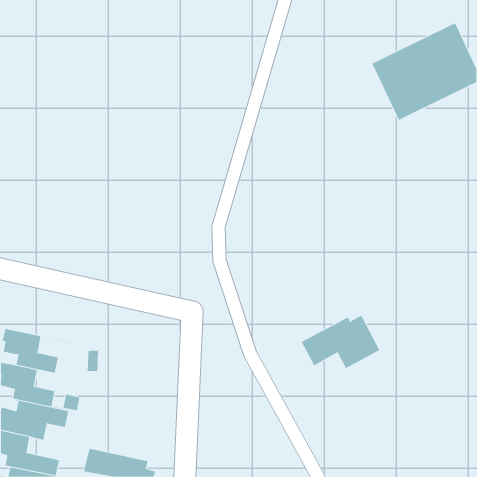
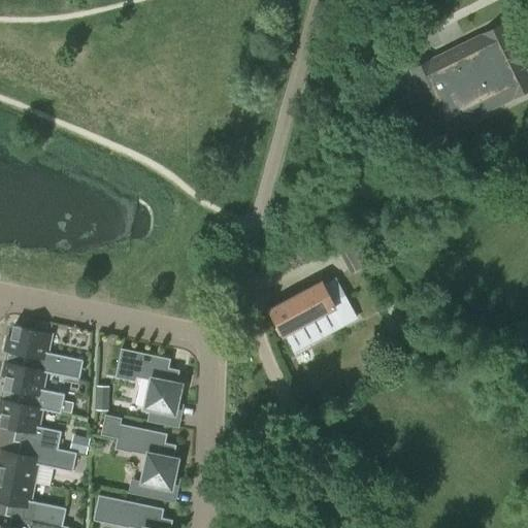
building: none -> [4,326,84,378]
building: [301,315,380,369] -> [268,280,356,340]
building: none -> [114,349,179,414]
building: none -> [100,415,176,489]

